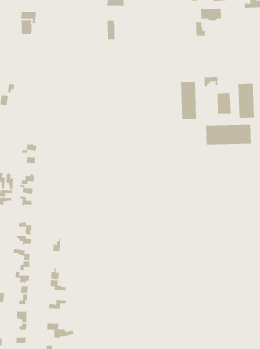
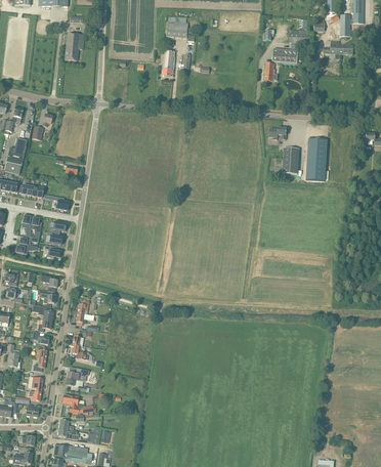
building: [180,81,197,120] -> none
building: [205,124,252,146] -> none

